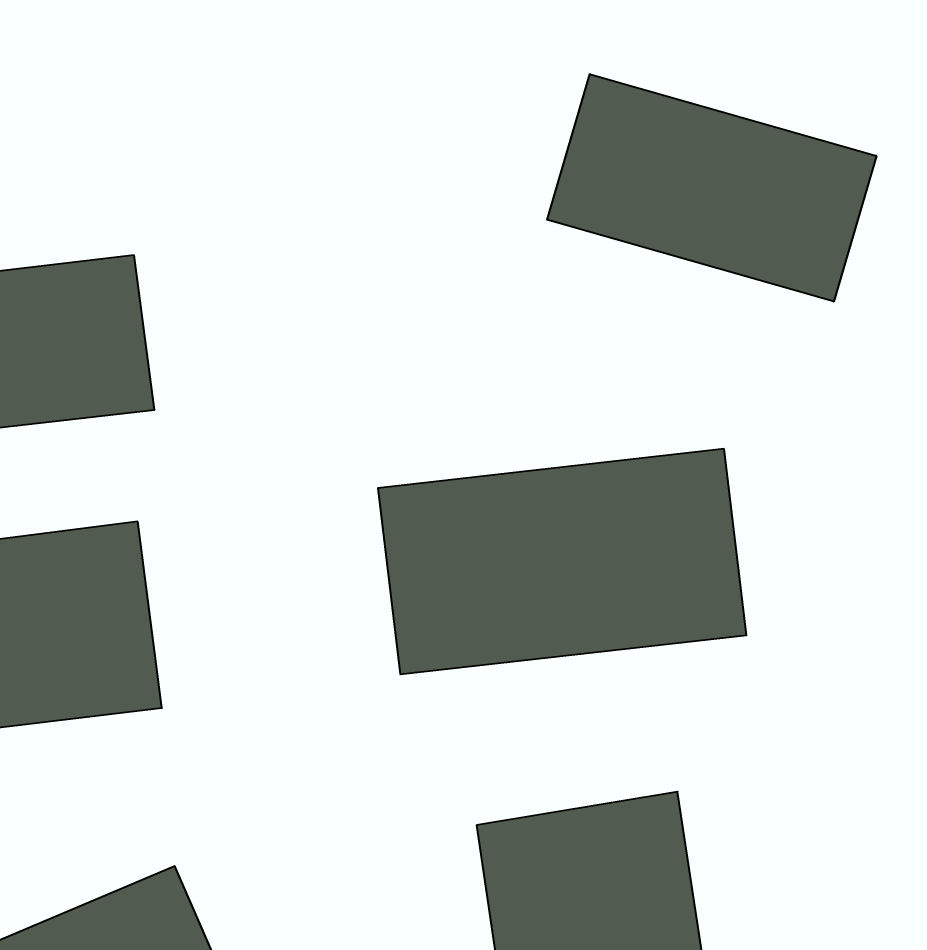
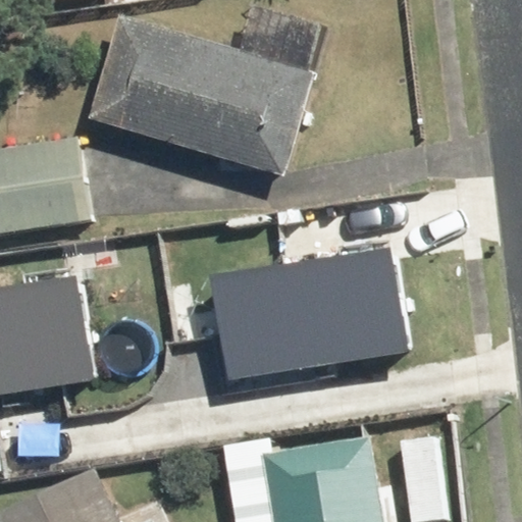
building: none -> [92,18,310,173]
building: [547,74,876,302] -> none

